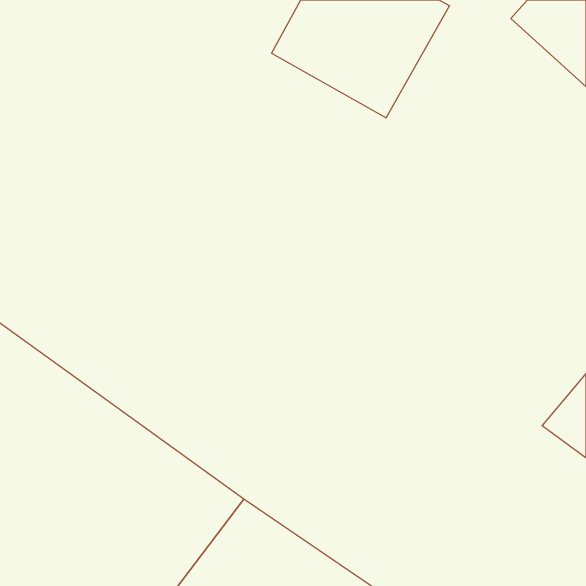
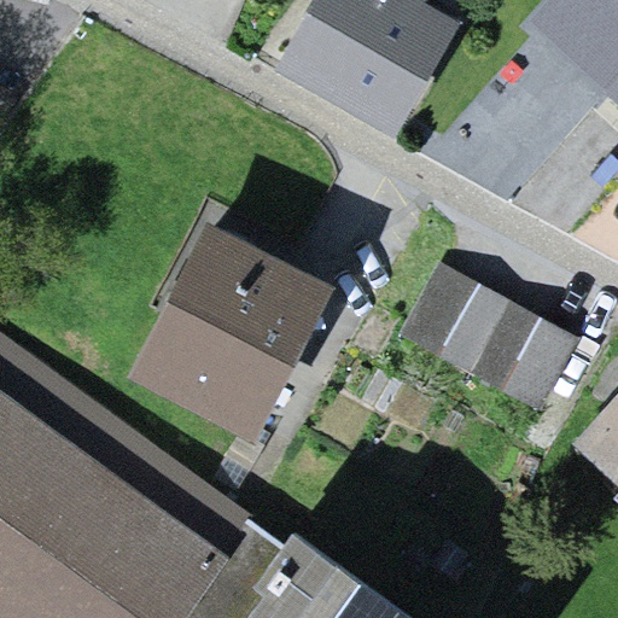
building: none -> [132,228,317,431]
building: none -> [403,267,572,407]

